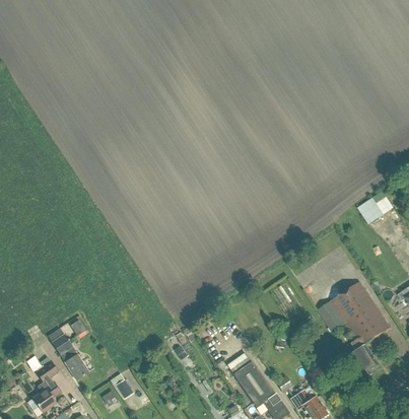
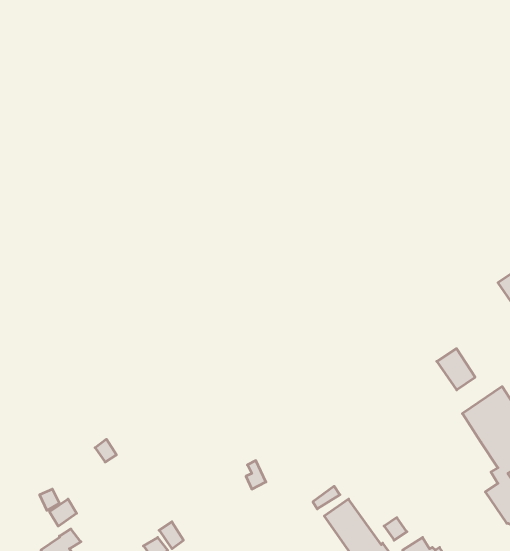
building: [318,300,345,330] -> [437,349,475,390]
building: [52,335,87,378] -> none

